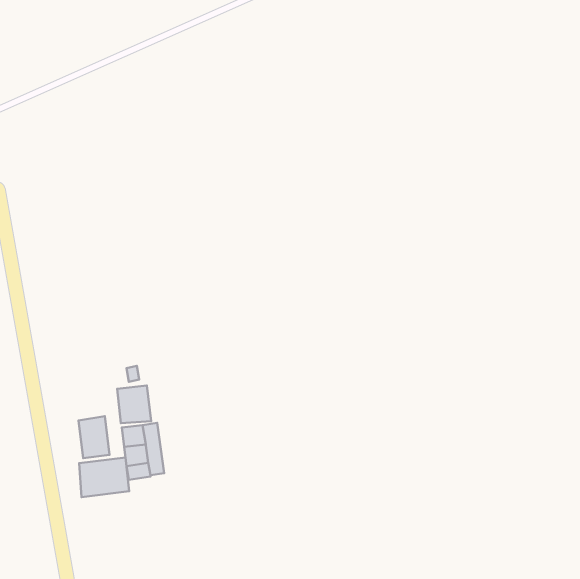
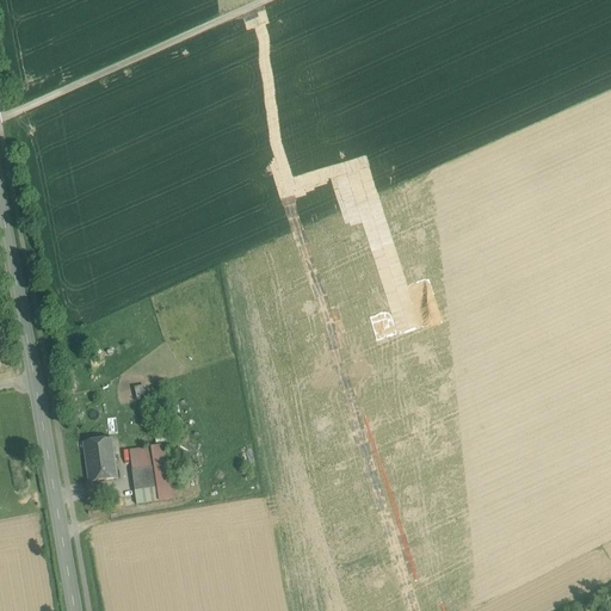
building: [117,386,151,423] -> none
building: [79,458,129,497] -> none

